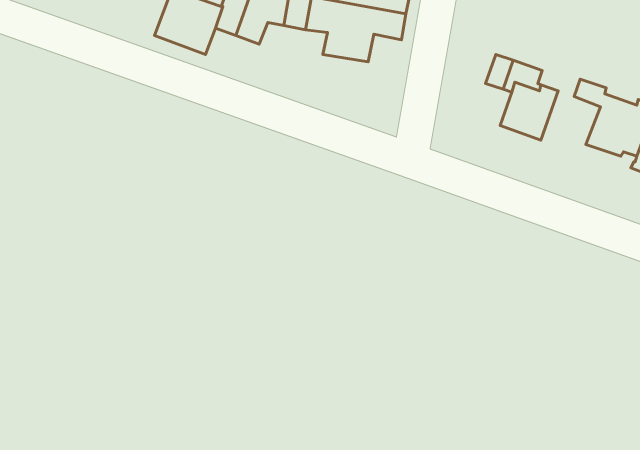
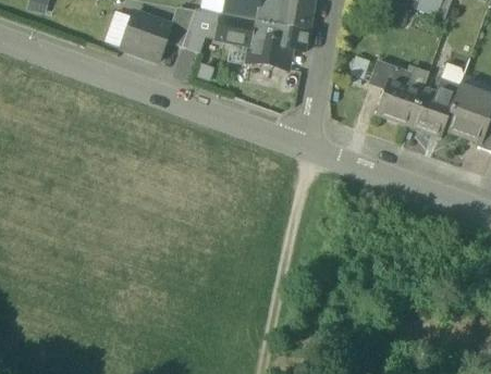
building: none -> [410,87,455,135]

